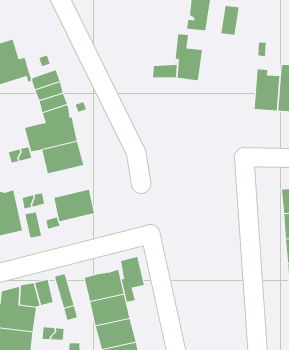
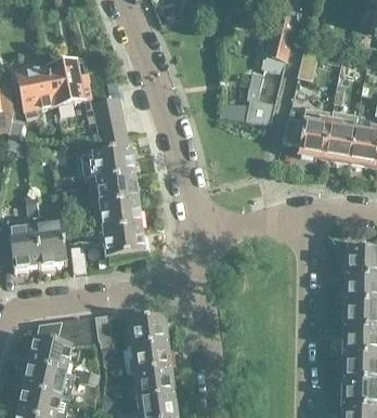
building: none -> [281,107,332,158]
building: none -> [99,199,142,231]
building: [120,256,145,302] -> none

